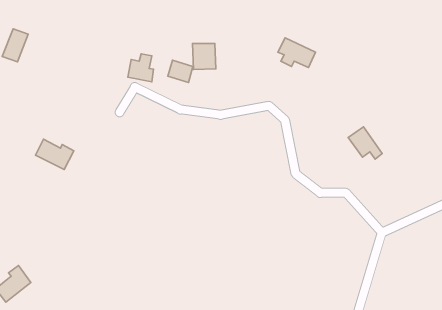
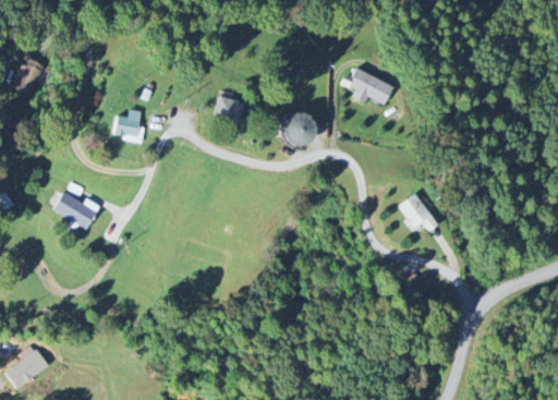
building: [193,44,216,70] -> [284,112,313,144]
building: [128,54,154,82] -> [112,108,144,142]
building: [348,127,382,159] -> [396,192,437,231]

